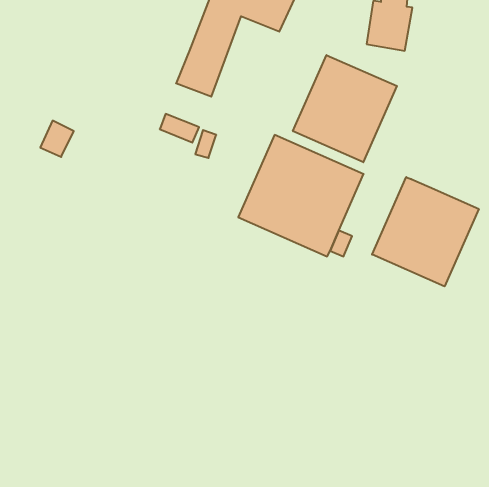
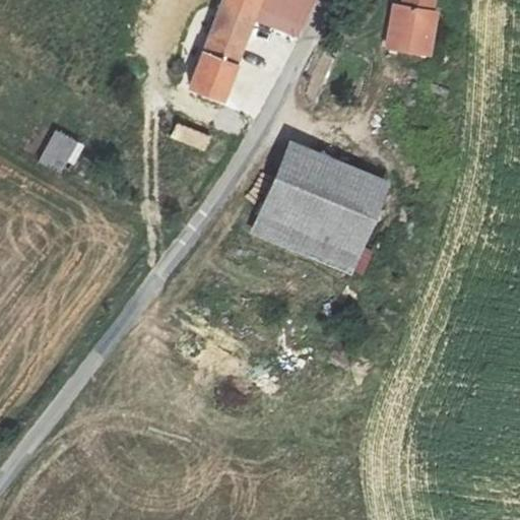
building: [293,55,397,162] -> none
building: [372,177,479,286] -> none

